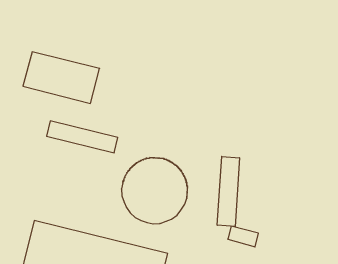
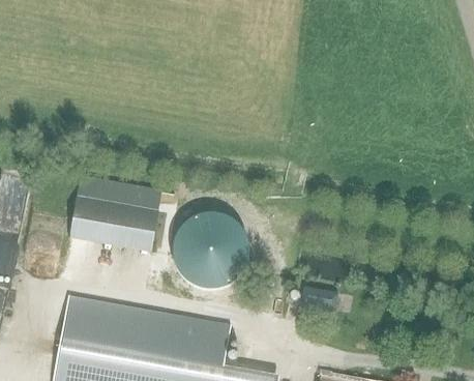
building: [23,52,100,103] -> [69,195,159,252]
building: [217,156,239,227] -> none

